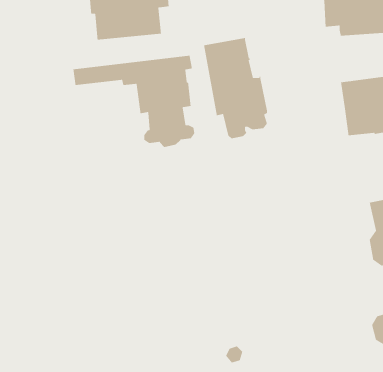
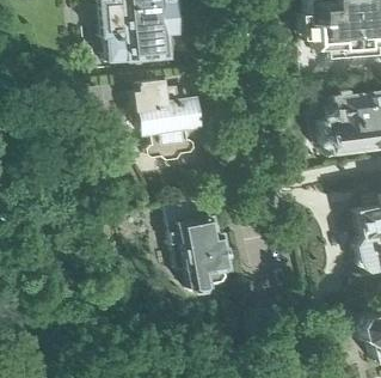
building: [203,37,268,139] -> [167,197,227,292]

